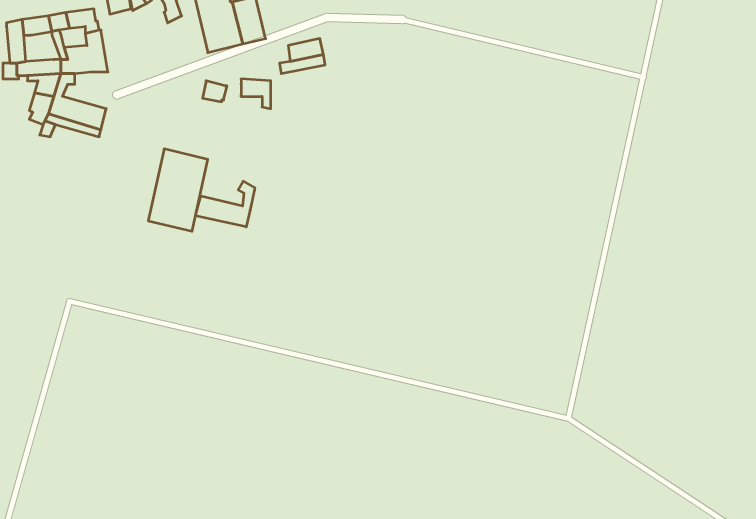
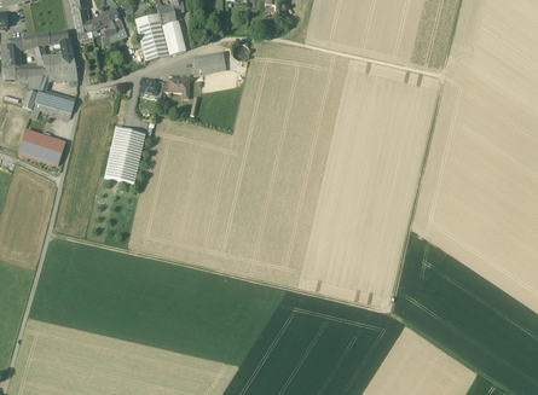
building: none -> [18,129,65,165]
building: [195,181,255,227] -> none

